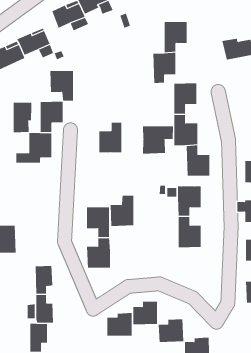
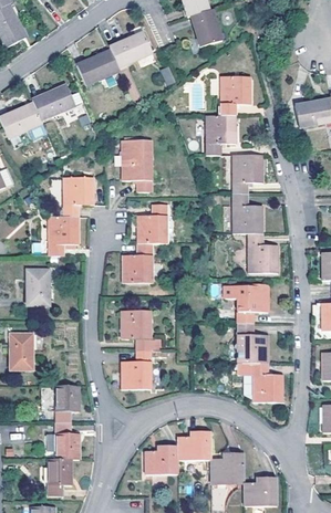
building: [49,71,74,101] -> [120,153,151,191]
building: [13,102,32,133] -> none
building: [142,125,174,154] -> none
building: none -> [25,270,50,305]
building: [110,195,134,226] -> [121,242,152,282]
building: none -> [237,362,283,401]

